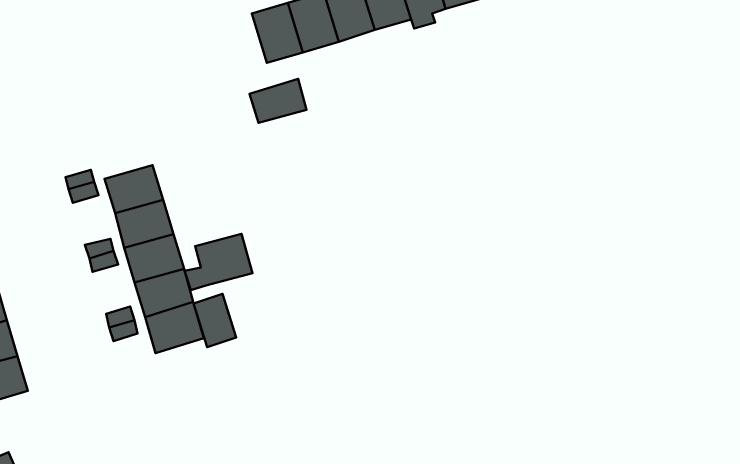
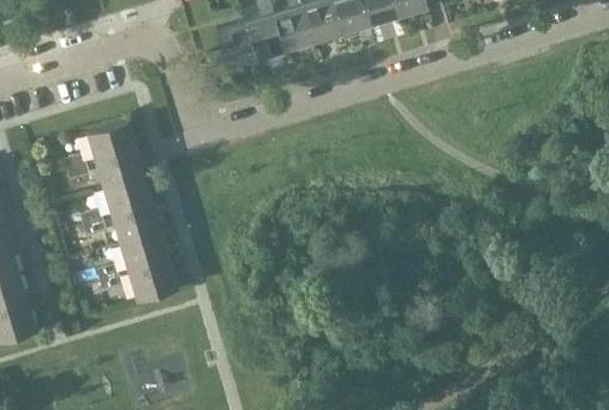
building: [250,79,307,123] -> none
building: none -> [89,120,136,160]
building: [185,234,252,290] -> none
building: [194,294,236,347] -> none

